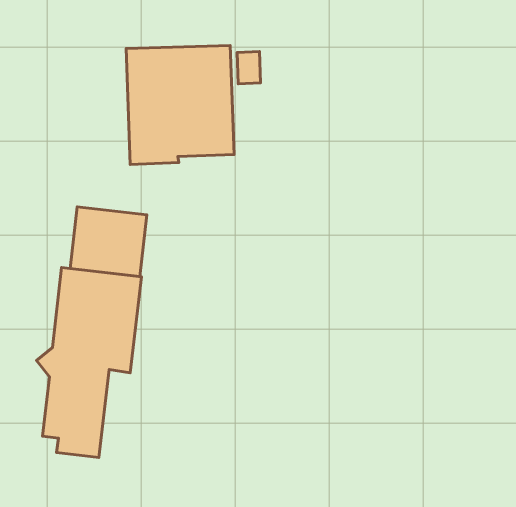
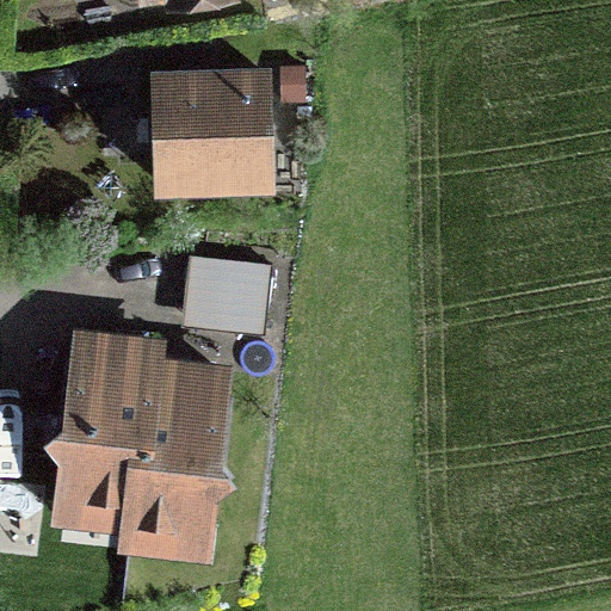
building: [70,207,147,277] -> [181,259,272,341]
building: none -> [117,358,236,562]

